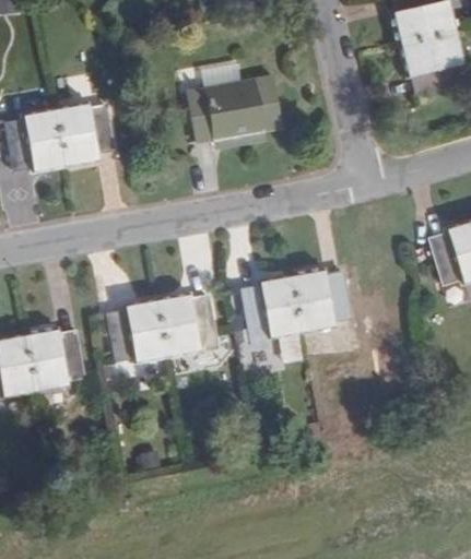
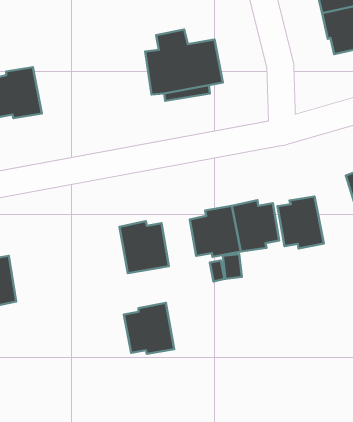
building: [55,104,114,165] -> none
building: none -> [277,197,324,249]
building: [108,300,168,361] -> [124,303,174,354]
building: [26,329,84,390] -> none

